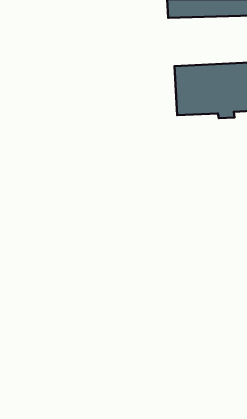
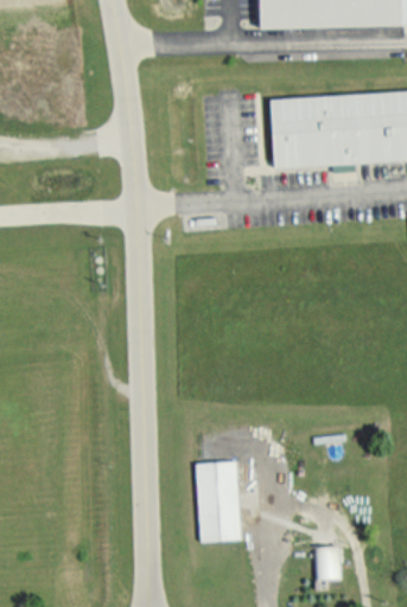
building: none -> [196,461,240,542]
building: none -> [312,545,339,579]

